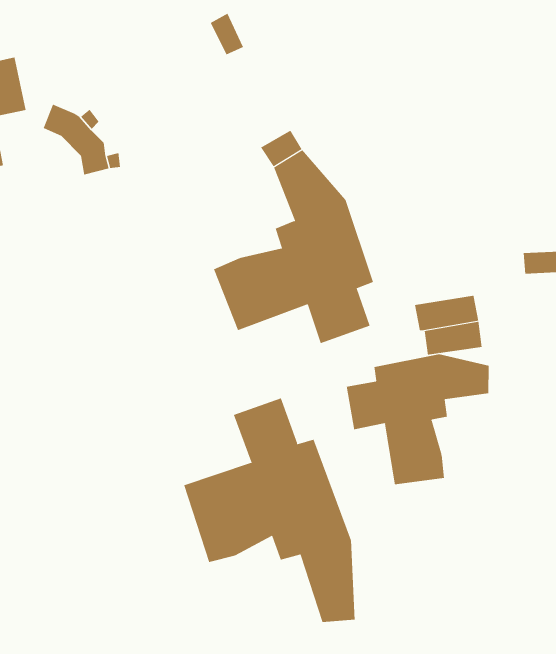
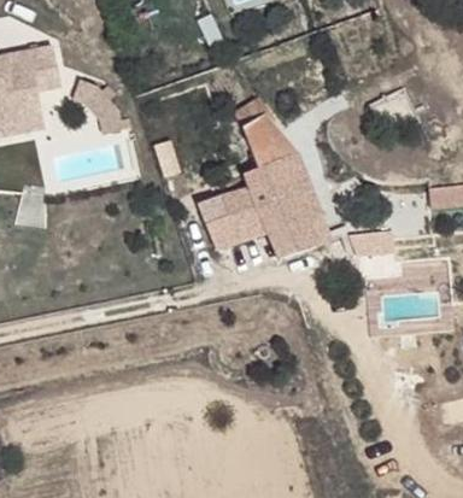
building: [346,353,489,485] -> none
building: [184,398,355,623] -> none

